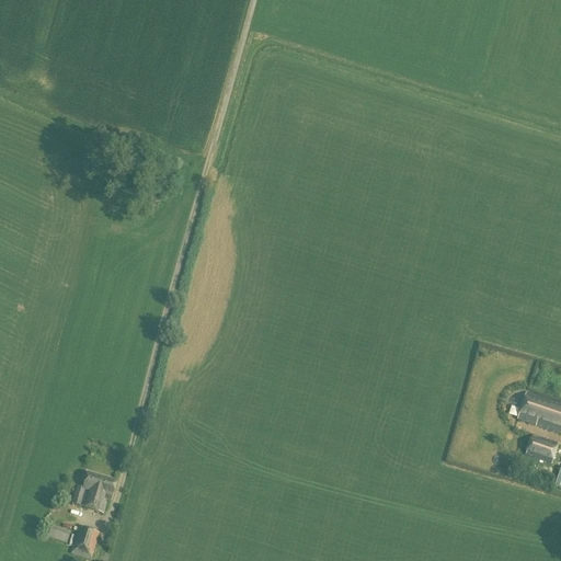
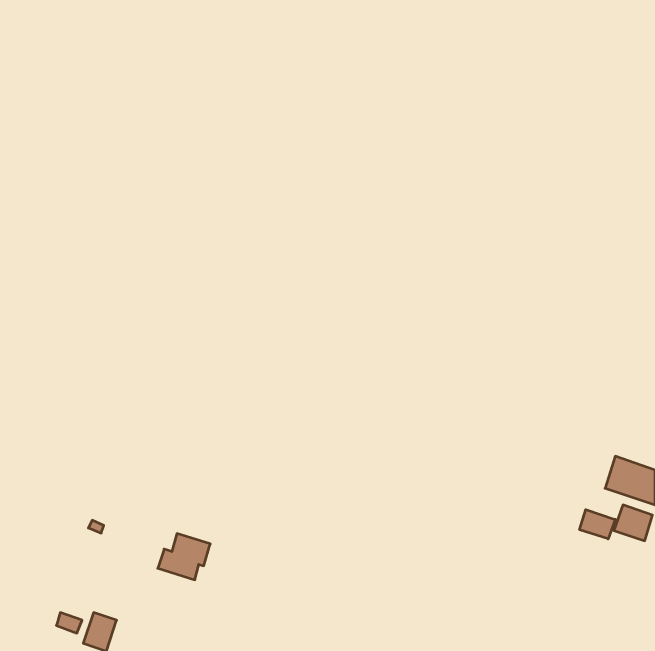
building: none -> [580,510,615,539]
building: [71,471,116,511] -> [158,534,210,580]

